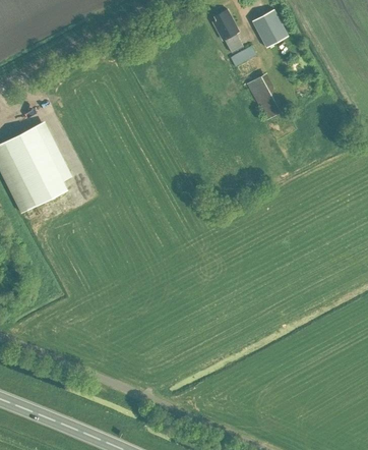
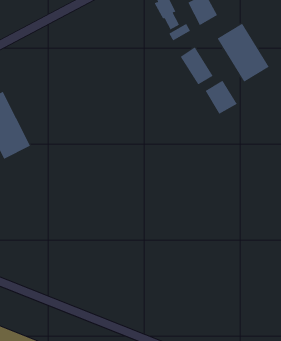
building: none -> [217,23,270,83]
building: none -> [205,80,238,114]

